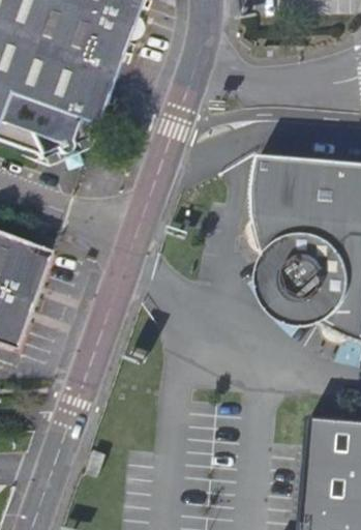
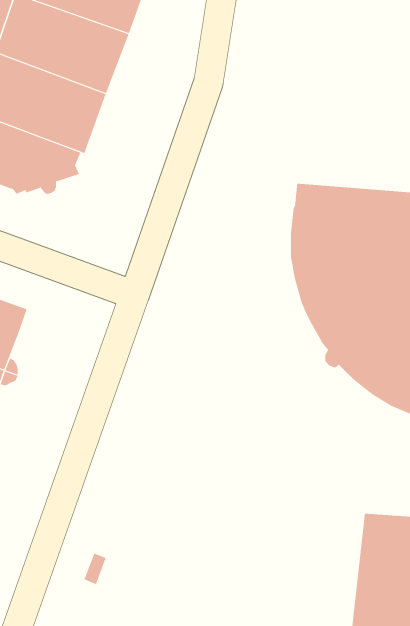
building: [266,254,328,325] -> none

